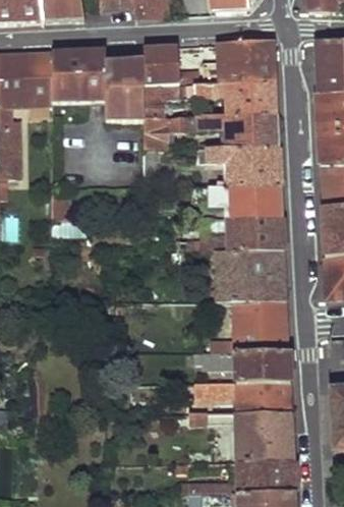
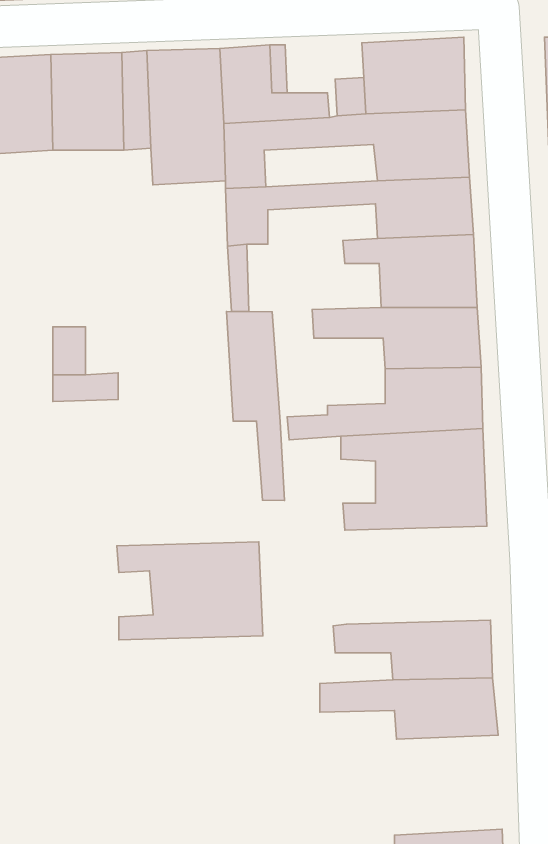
building: none -> [227,311,284,500]
building: [210,300,287,352] -> [117,542,263,640]
building: [188,411,293,464] -> none

